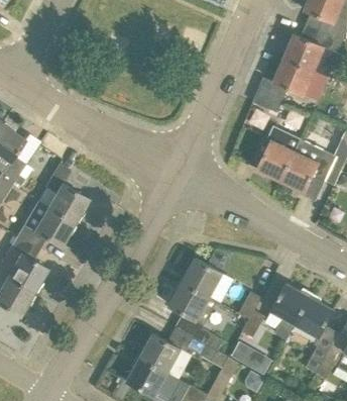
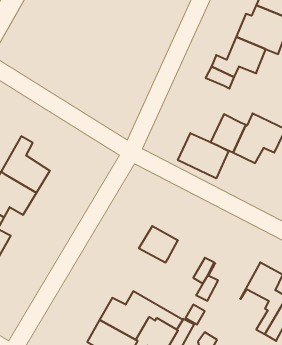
building: none -> [178,133,228,178]
building: [168,281,228,357] -> none
building: [265,283,310,338] -> none

